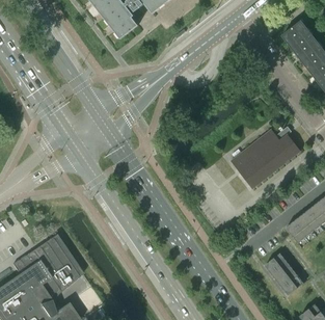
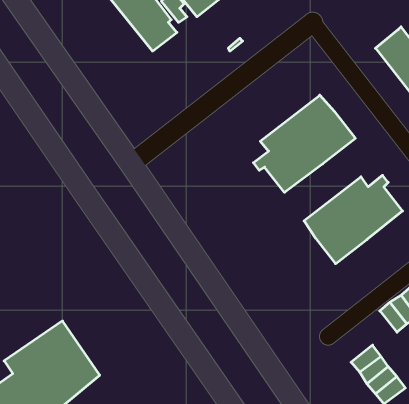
building: none -> [253,95,355,192]

